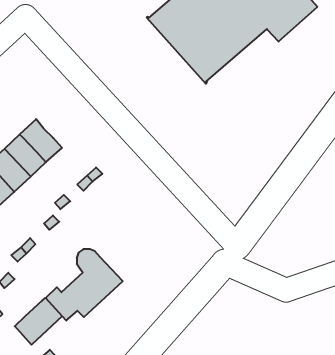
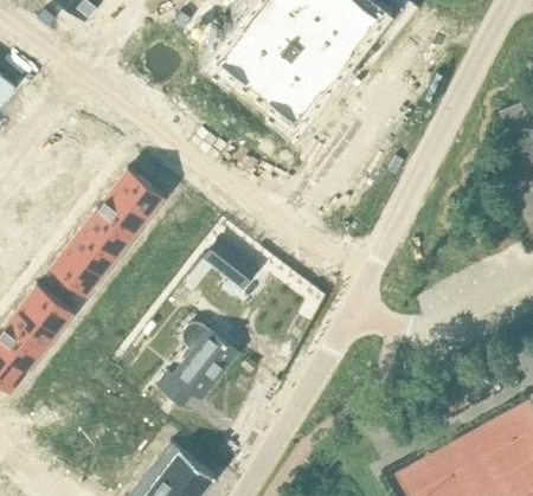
building: none -> [113,170,162,217]
building: none -> [203,239,245,281]
building: [15,298,62,345] -> none

